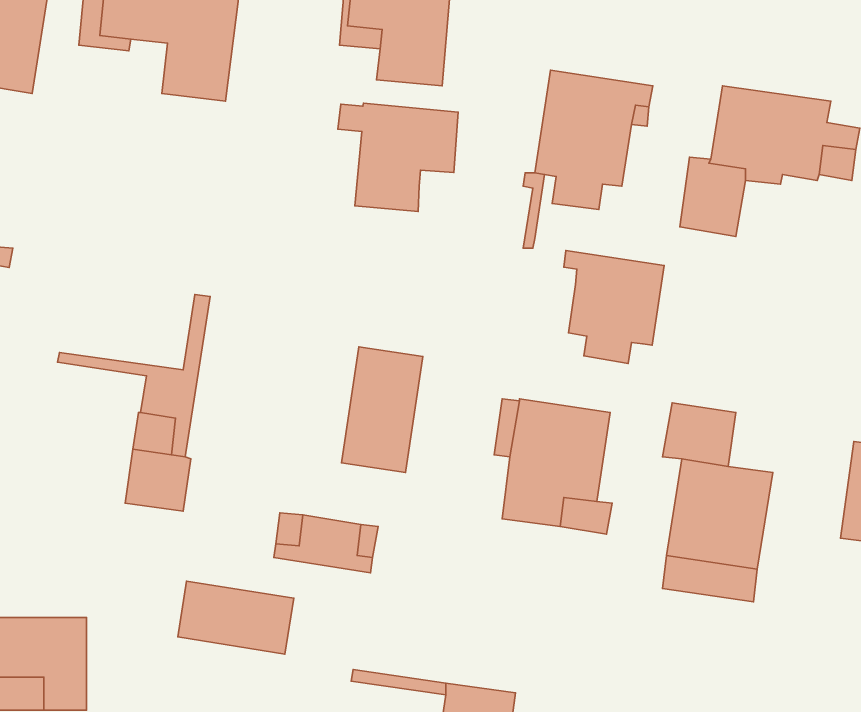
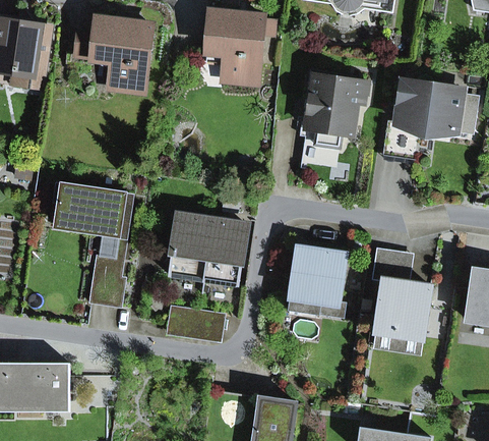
building: [338,103,458,212] -> none
building: [564,251,664,363] -> none
building: none -> [56,180,127,230]
building: none -> [170,213,213,279]
building: [178,581,294,654] -> none

